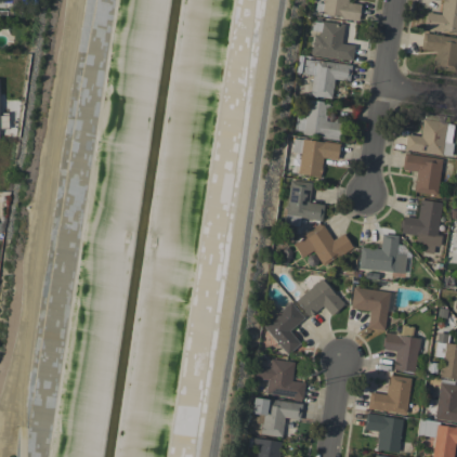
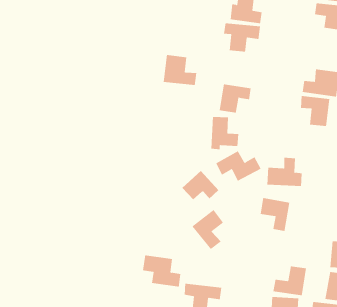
building: [299,99,343,139] -> [163,54,197,85]
building: [402,199,443,253] -> none
building: [297,277,345,316] -> [182,170,219,200]
building: [384,326,421,373] -> none
building: [256,357,306,400] -> [142,255,181,287]

